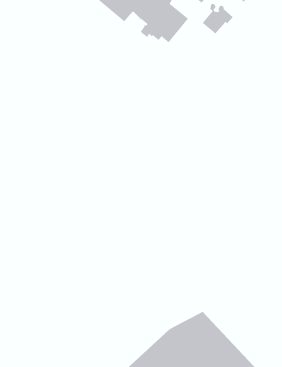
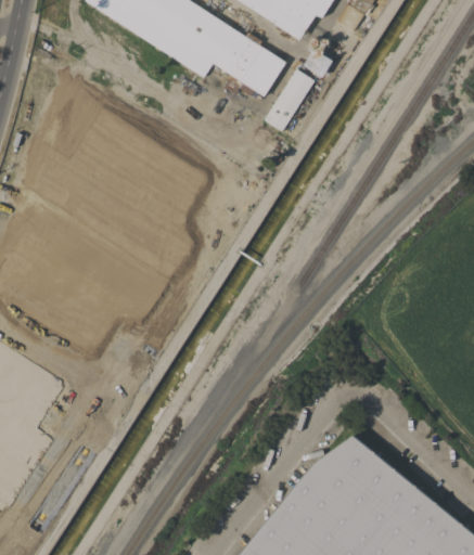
building: none -> [265,68,315,131]

